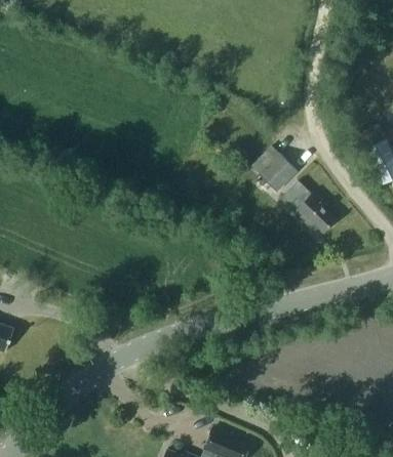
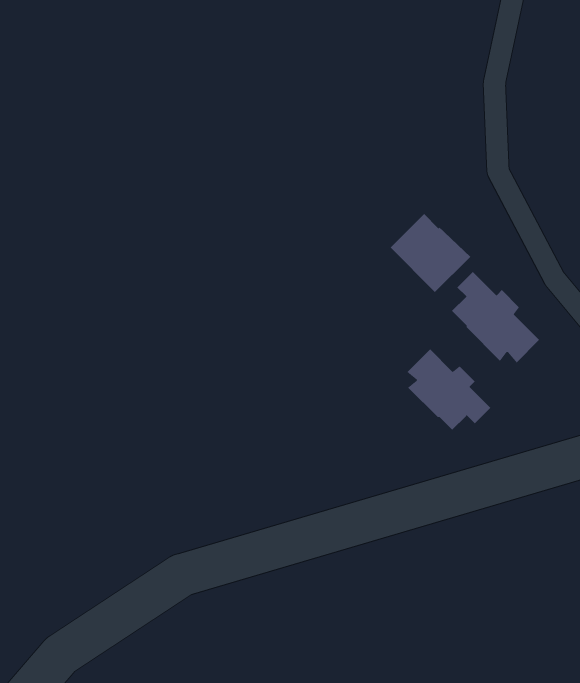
building: none -> [406,349,491,431]

